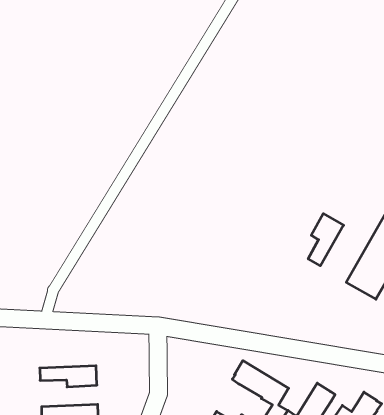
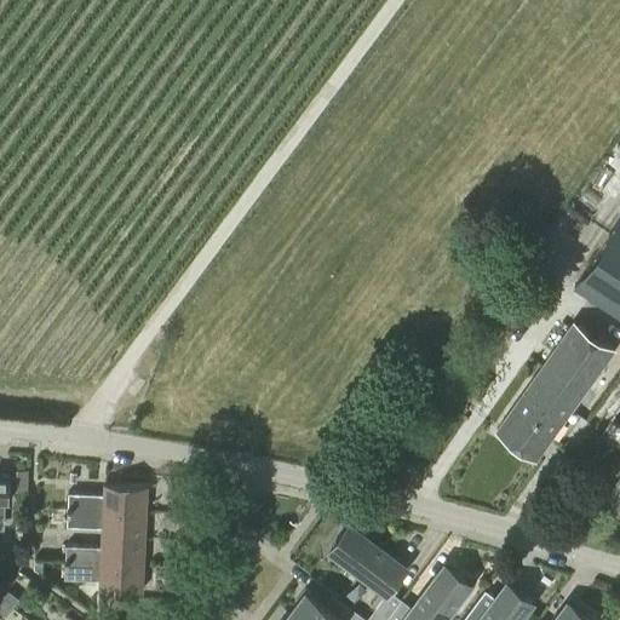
building: [308,214,344,266] -> none
building: none -> [68,488,147,516]
building: none -> [65,541,144,569]

